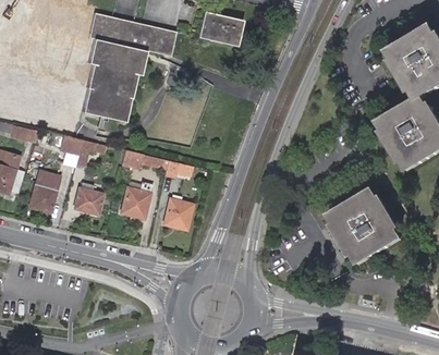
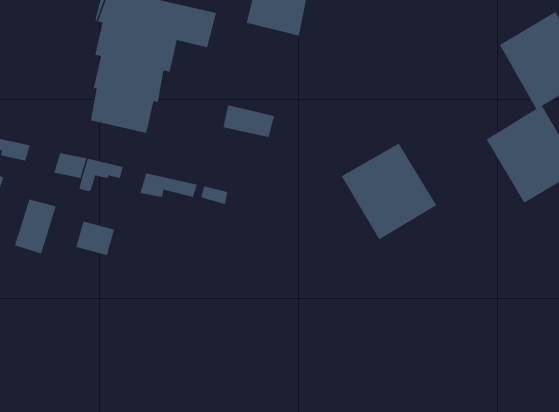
building: none -> [223,105,275,138]
building: [120,181,151,216] -> none
building: [330,194,402,267] -> [341,143,437,240]
building: [162,197,192,228] -> none

